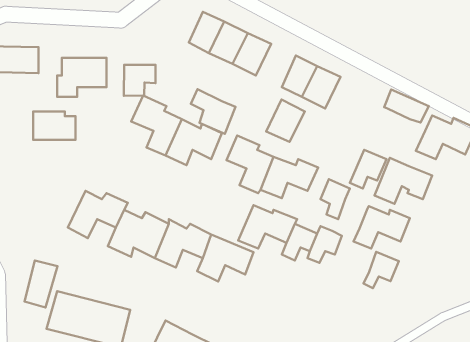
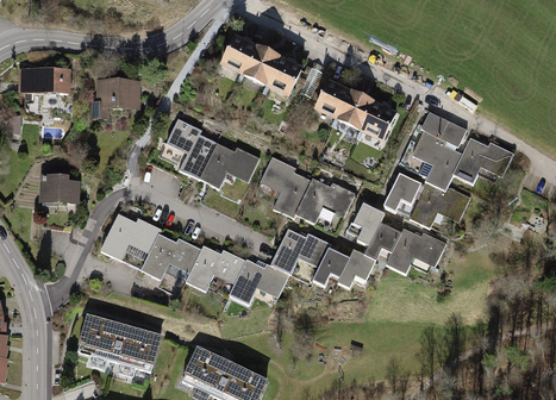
building: [124,65,156,96] -> none
building: [191,89,235,134] -> none
building: [266,100,305,142] -> [360,99,399,142]
building: none -> [411,131,461,189]
building: [33,111,75,140] -> [37,174,80,202]
building: [363,252,399,288] -> [367,223,402,260]
building: [24,261,57,308] -> none

